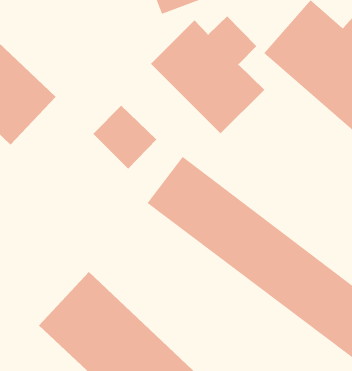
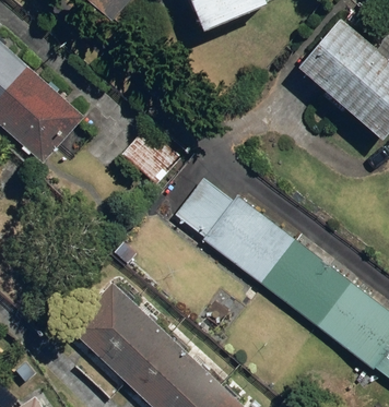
building: [150,15,265,134] -> none

